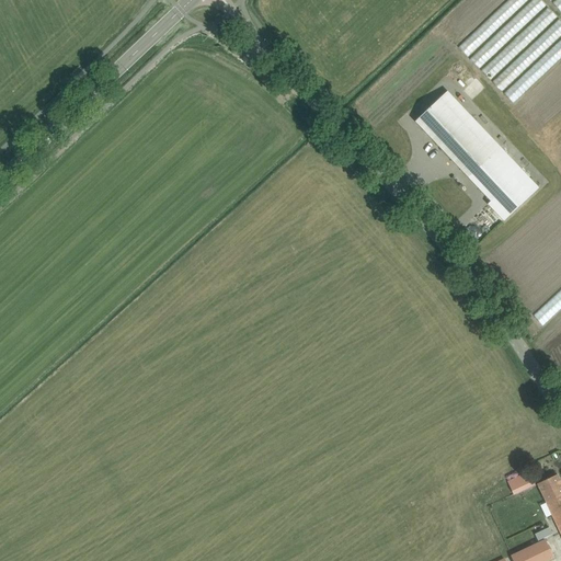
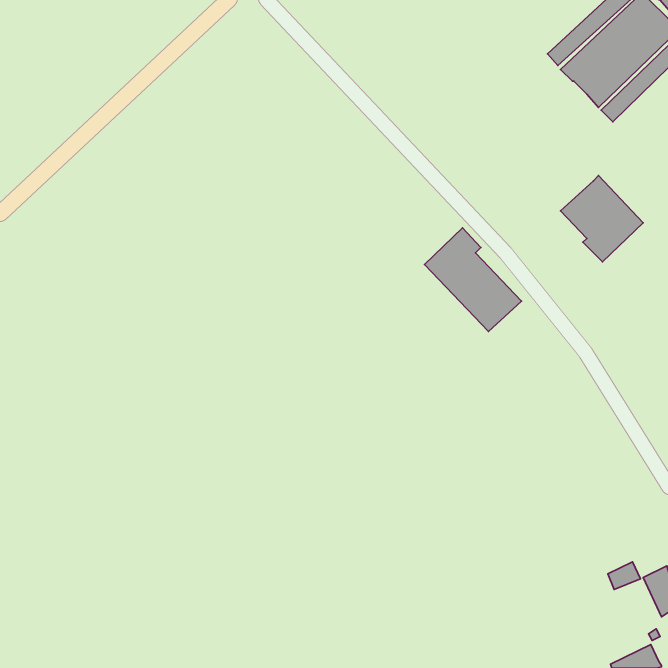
building: [416,90,497,176] -> [424,228,521,331]

